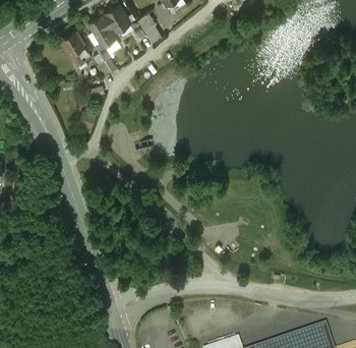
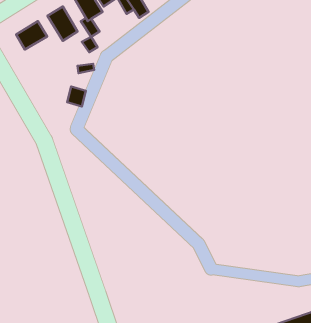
building: none -> [16,21,47,49]

